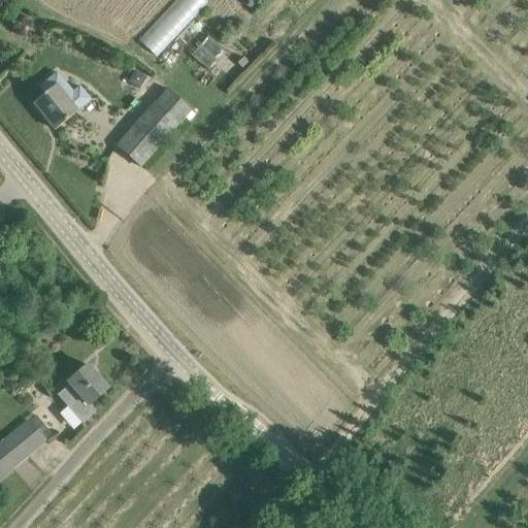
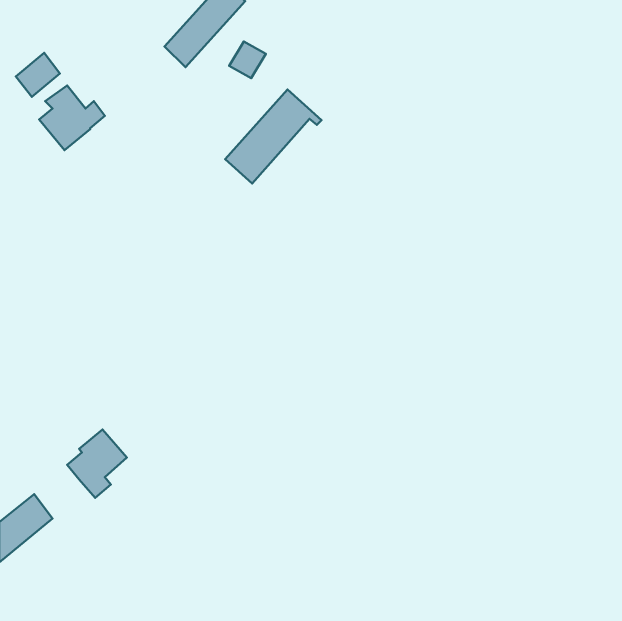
building: none -> [16,53,60,97]
building: [114,87,196,166] -> [225,90,322,183]

